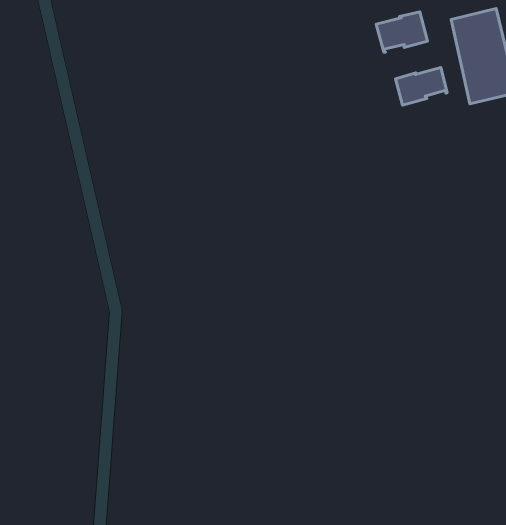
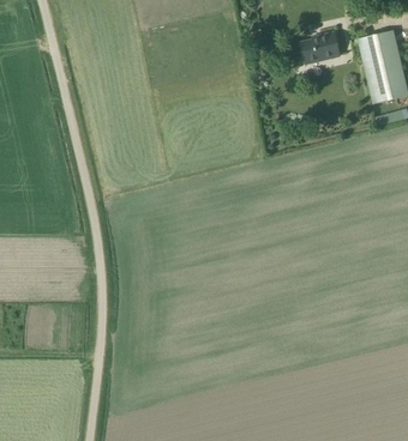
building: [395,67,447,105] -> none

